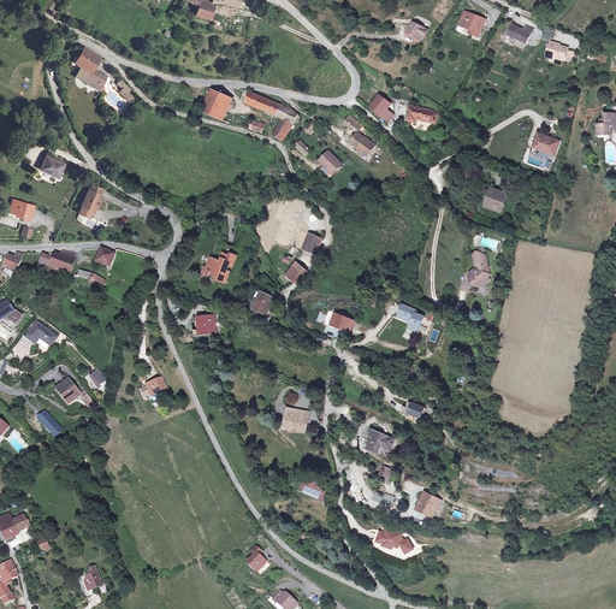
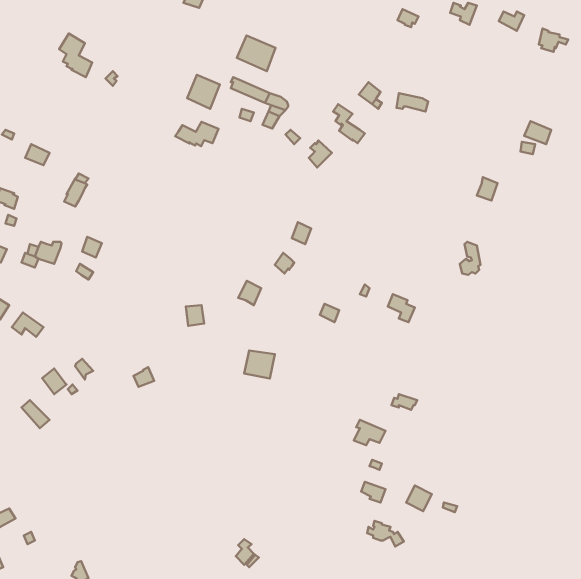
building: none -> [237,35,276,71]
building: none -> [175,122,218,146]
building: [201,253,236,282] -> none
building: [279,406,309,433] -> [244,350,275,378]

